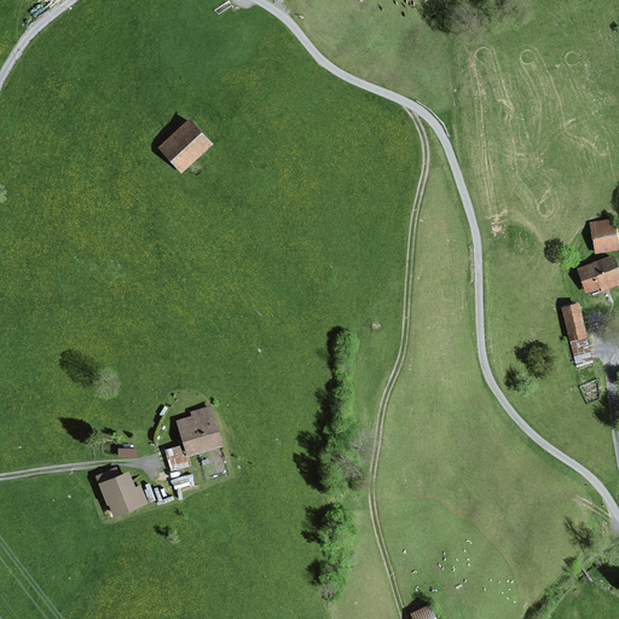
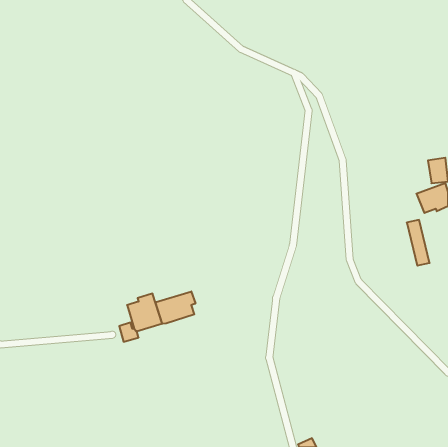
building: [157,118,213,174] -> none
building: none -> [156,291,195,324]
building: [94,467,149,517] -> none

